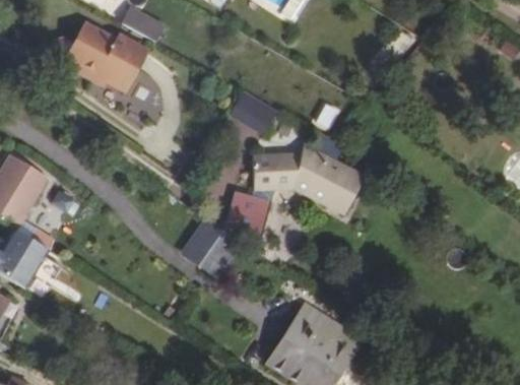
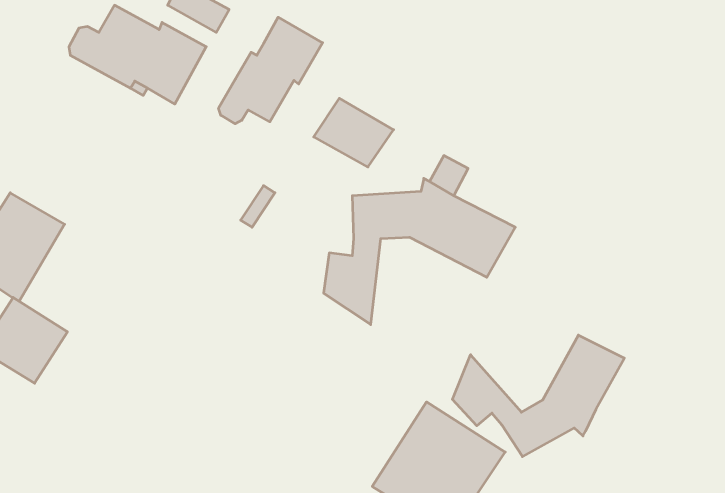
building: none -> [219,17,323,124]
building: [184,219,239,274] -> none
building: none -> [452,335,624,457]

